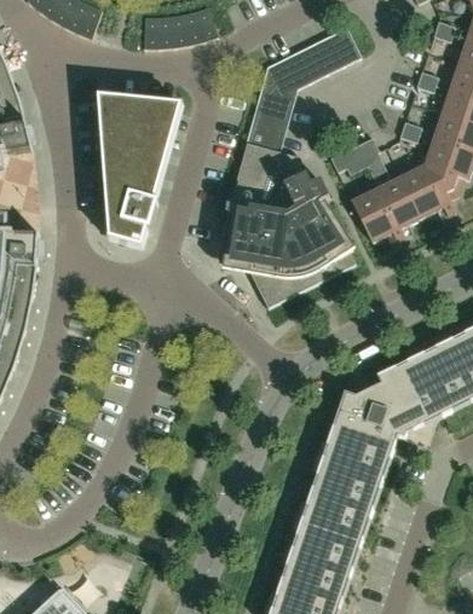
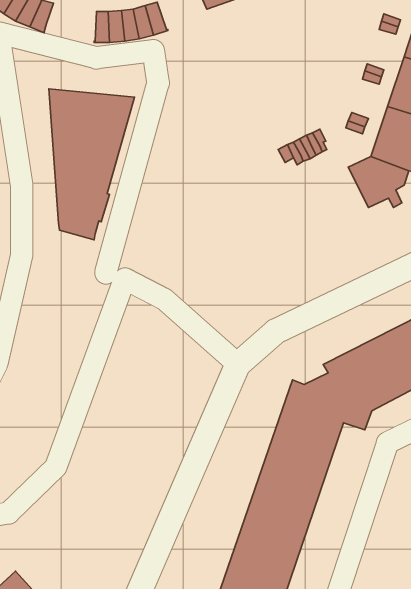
building: [218,28,360,307] -> none
building: [352,175,422,242] -> none

